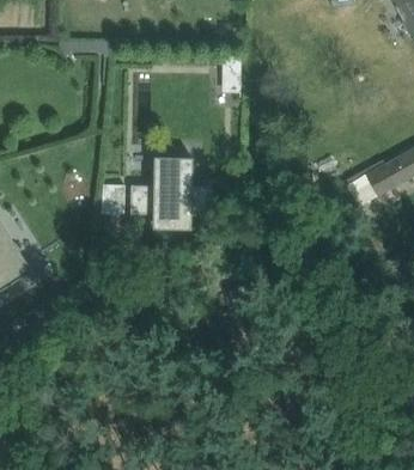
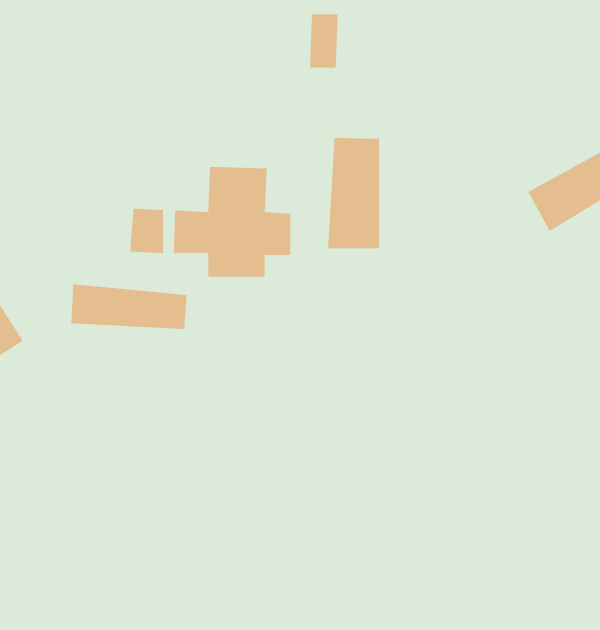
building: none -> [328,137,379,249]
building: none -> [71,283,187,330]

